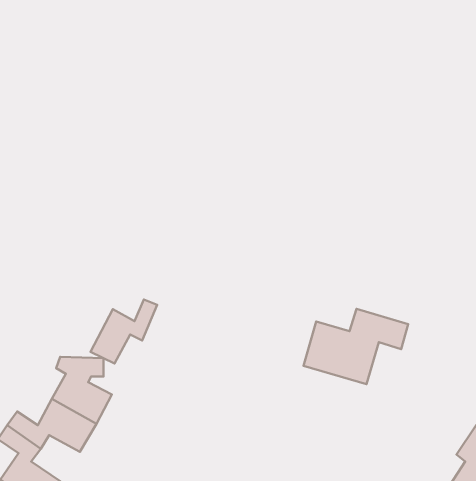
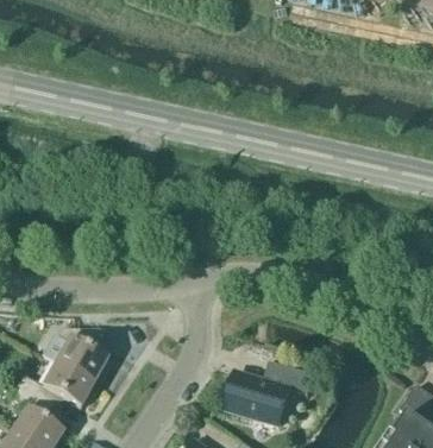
building: [90,300,157,364] -> none
building: [304,309,408,384] -> [224,358,313,422]

